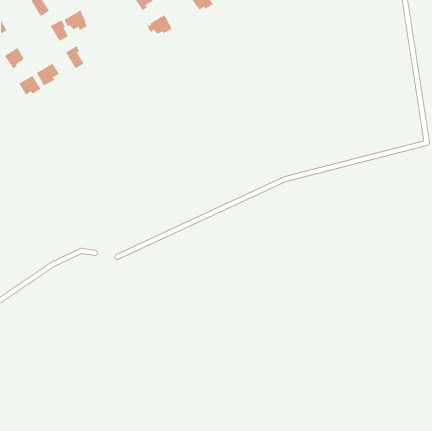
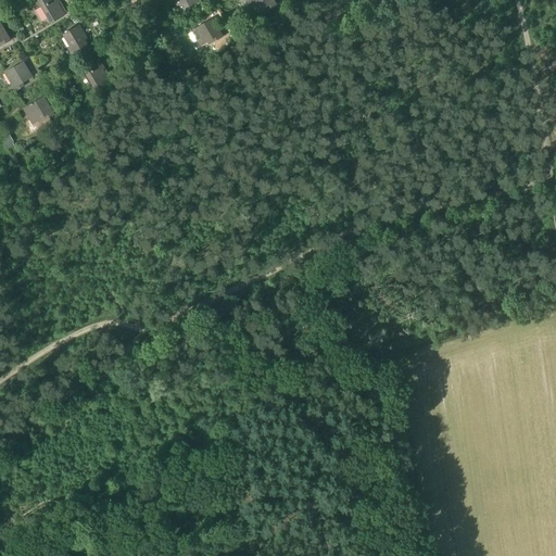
building: [63,9,88,31] -> none
building: [36,63,60,86] -> none

